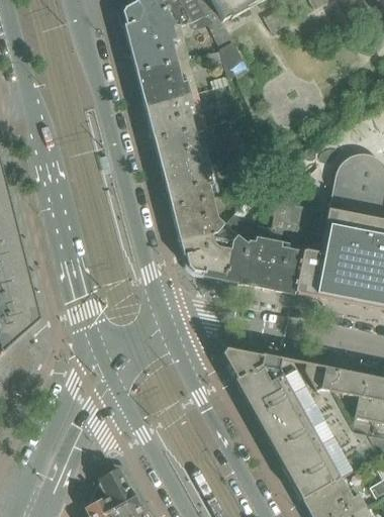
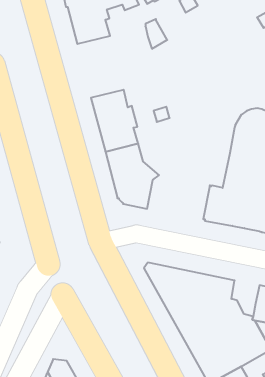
building: [135,61,194,138] -> none
building: [223,201,310,292] -> none
building: [329,368,365,397] -> none

